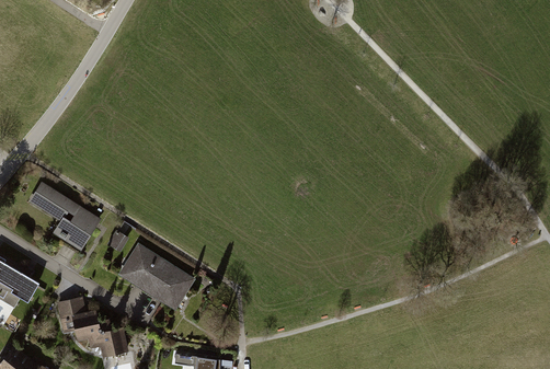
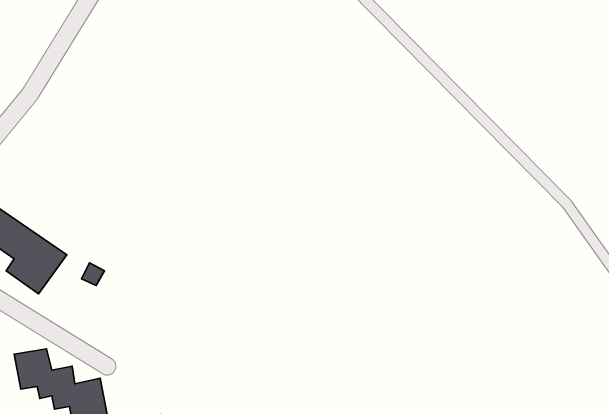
building: [116,244,191,309] -> none

